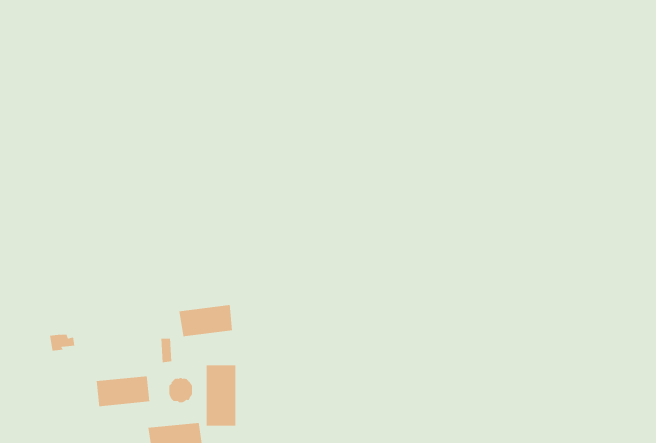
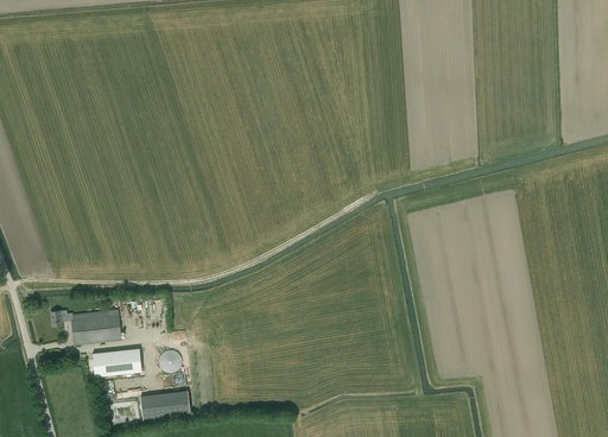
building: [179,305,233,337] -> [77,309,127,338]
building: [206,364,236,427] -> none

